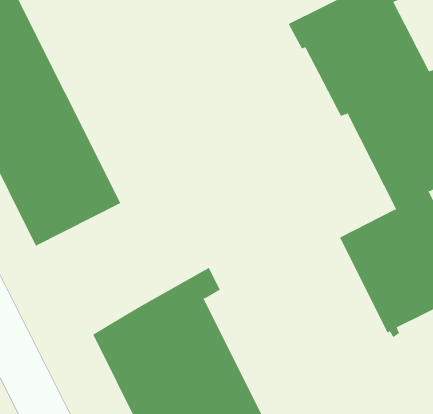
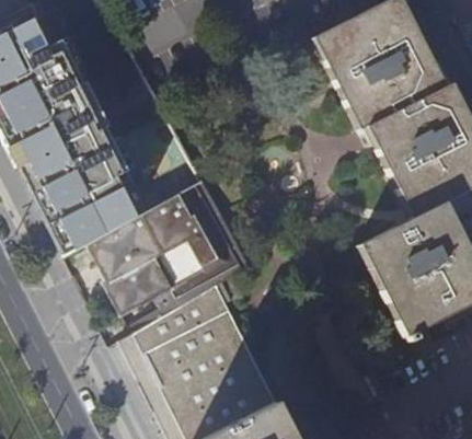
building: none -> [95,190,254,311]

